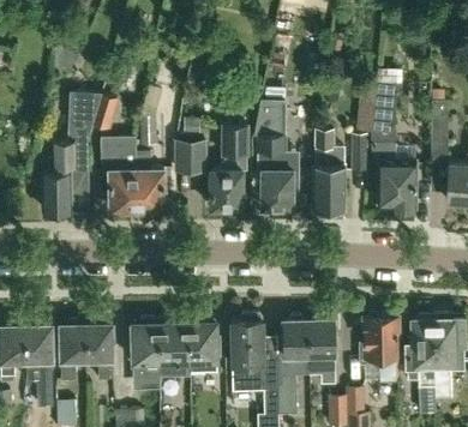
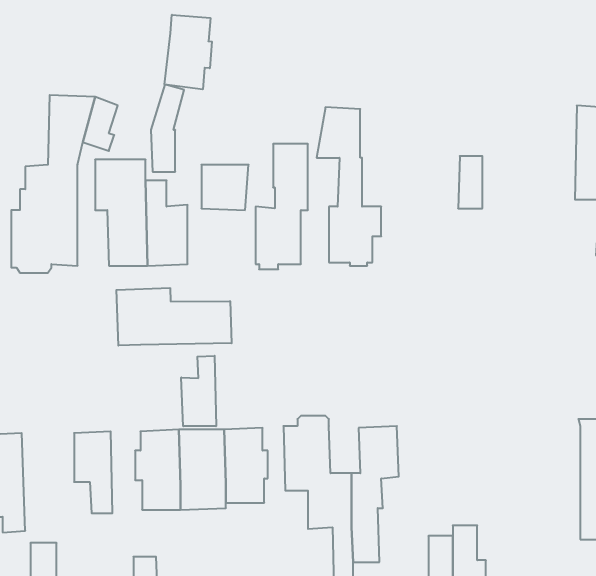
building: none -> [165,15,212,89]
building: [370,82,415,212] -> none
building: [314,128,343,214] -> none
building: none -> [116,288,232,346]
building: none -> [181,356,216,426]
building: [365,318,397,380] -> none
building: [308,320,335,384] -> none
building: [408,320,434,413] -> none
building: [60,325,86,381] -> none

